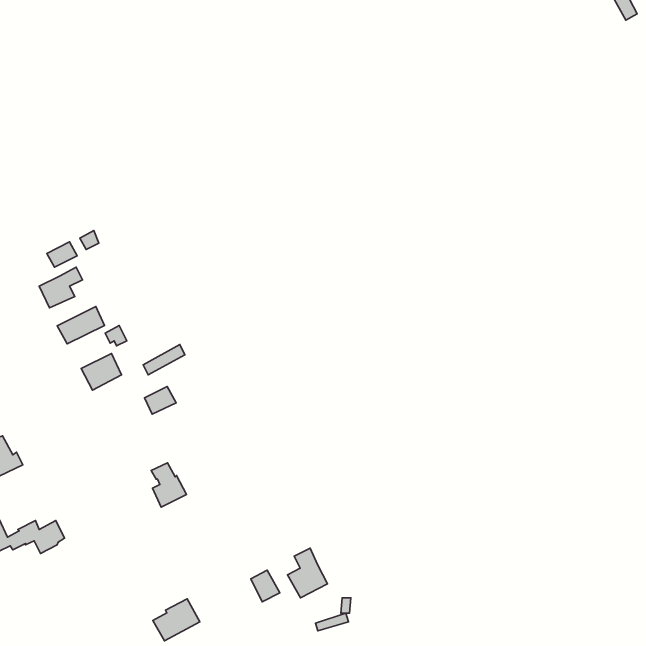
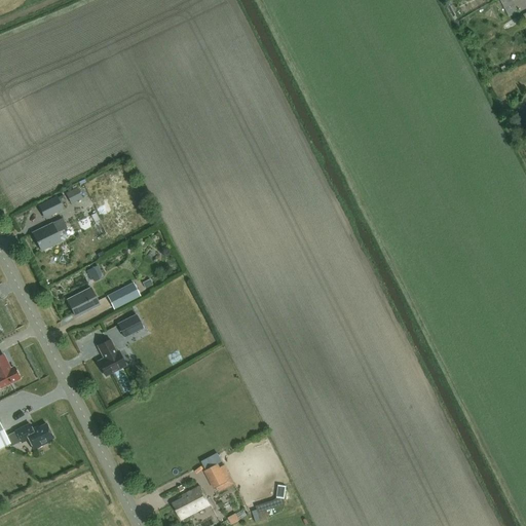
building: [57,307,104,344] -> none
building: [151,463,187,507] -> [97,339,125,375]
building: [287,548,327,598] -> none
building: [153,599,200,641] -> [172,485,210,519]

